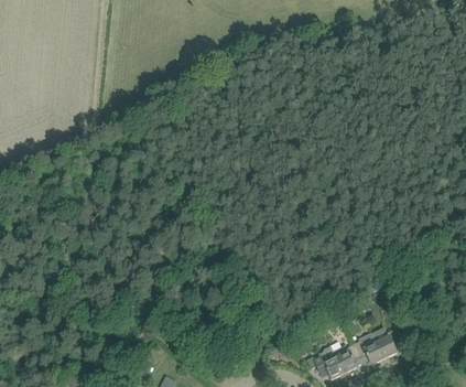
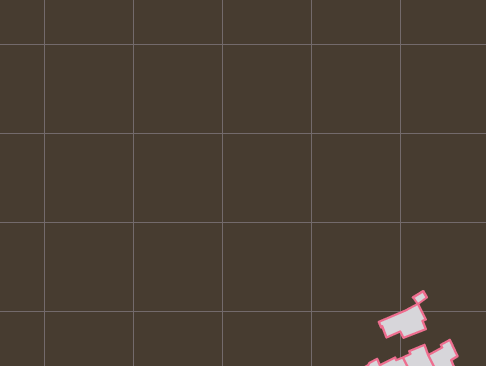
building: none -> [379,304,426,338]

